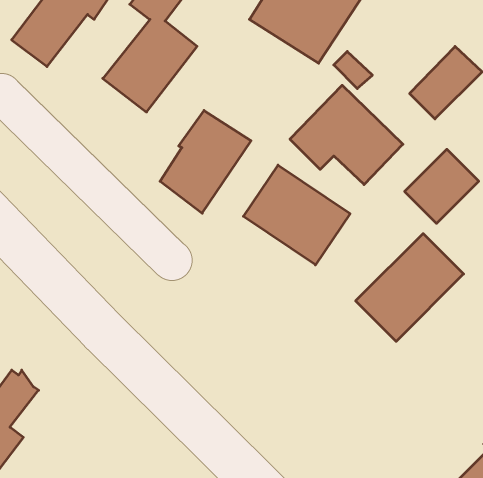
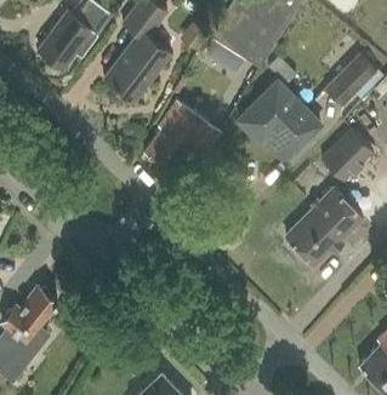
building: [243,165,350,265] -> none

